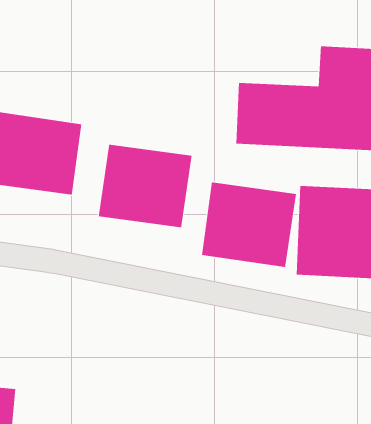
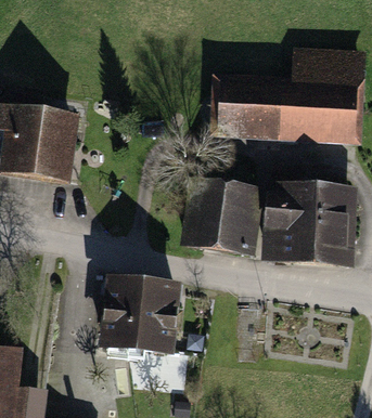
building: [98,144,192,228] -> none
building: none -> [101,282,184,357]

